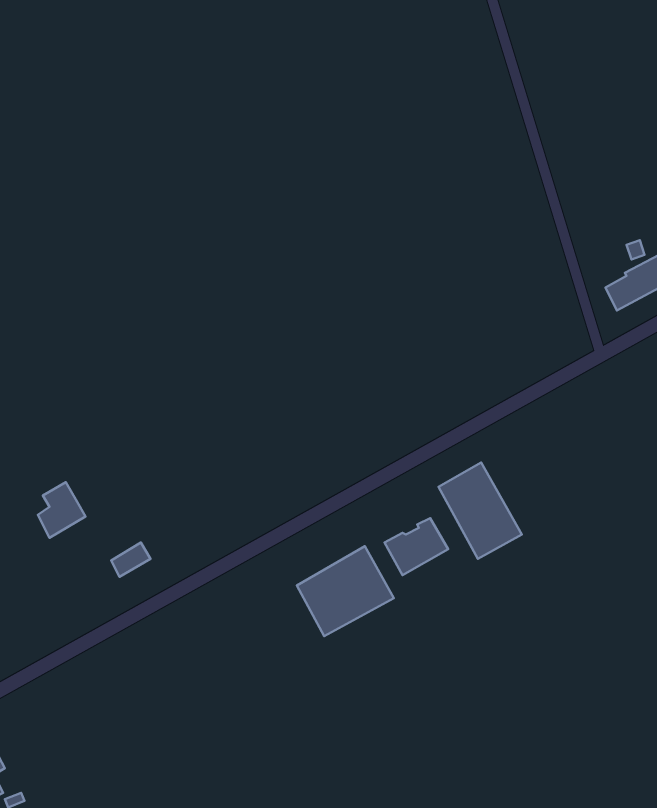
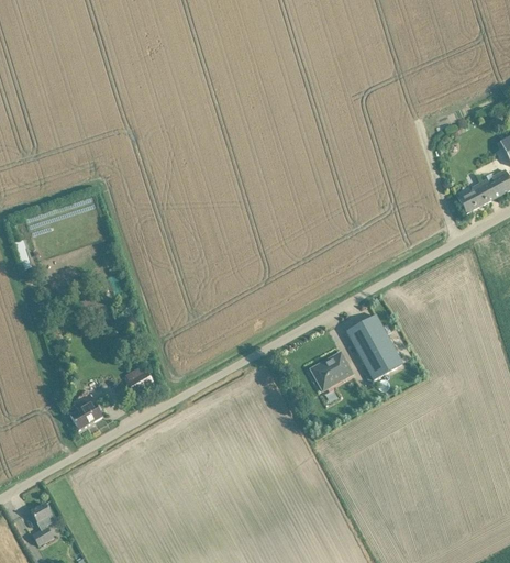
building: [38,482,85,538] -> [70,393,102,430]
building: [297,546,394,636] -> none

